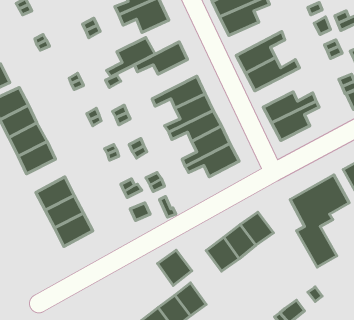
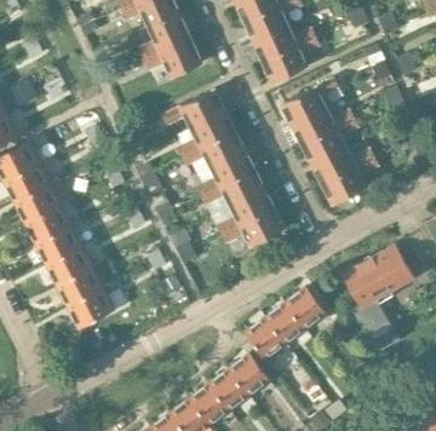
building: [107,37,155,77] -> [178,110,235,156]
building: none -> [303,120,358,166]
building: none -> [36,226,81,265]
building: [158,250,192,285] -> [228,355,268,396]

